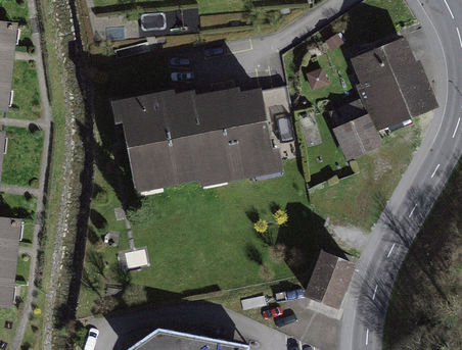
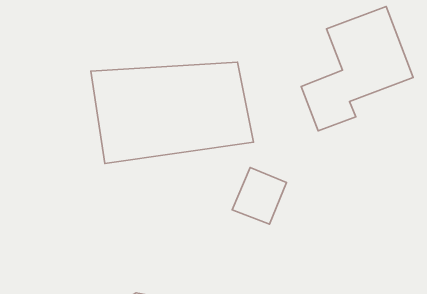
building: [295,252,351,309] -> [232,167,287,224]

